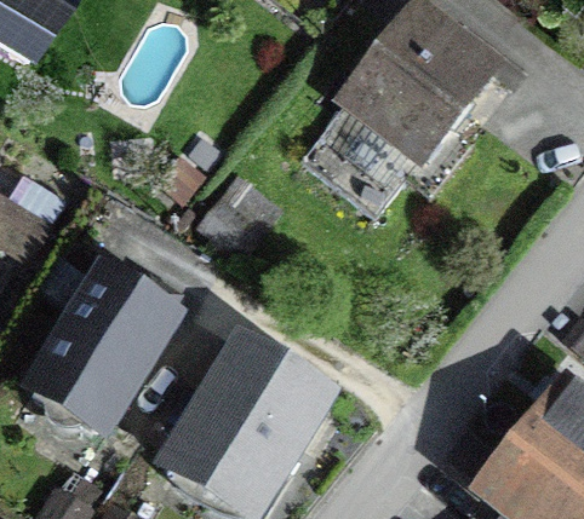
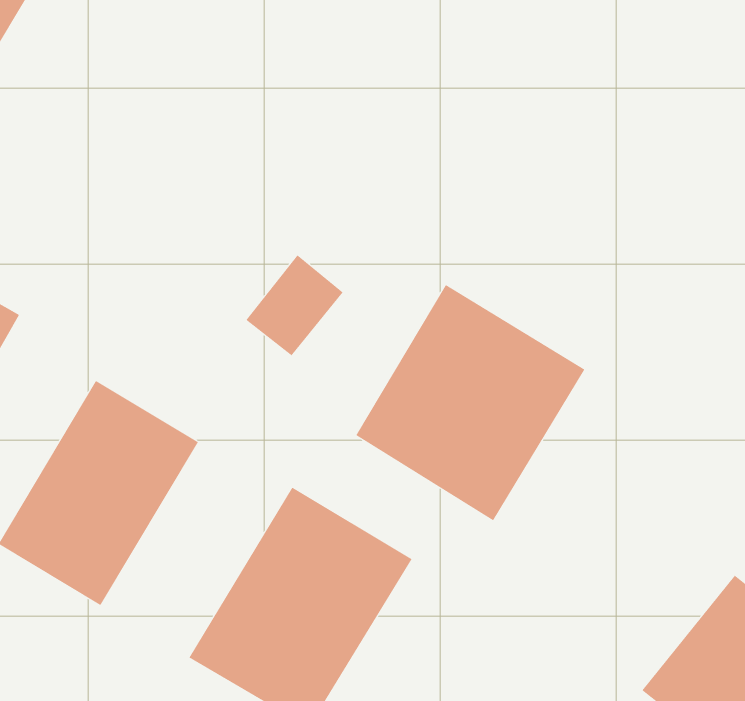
building: [303,10,492,214] -> none
building: none -> [355,284,585,521]

